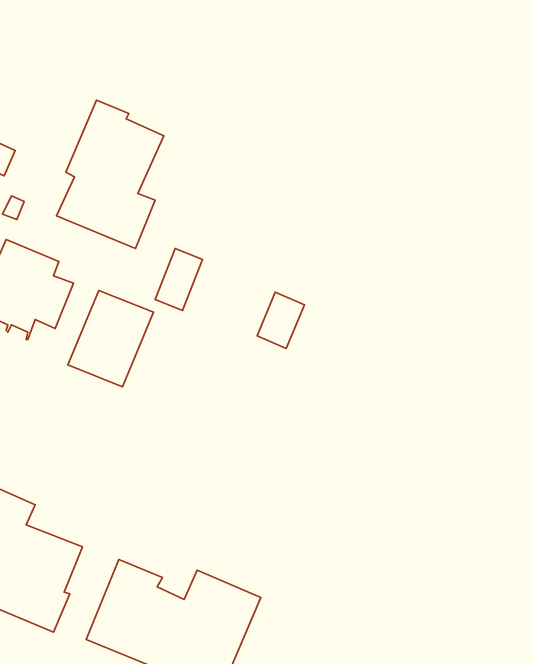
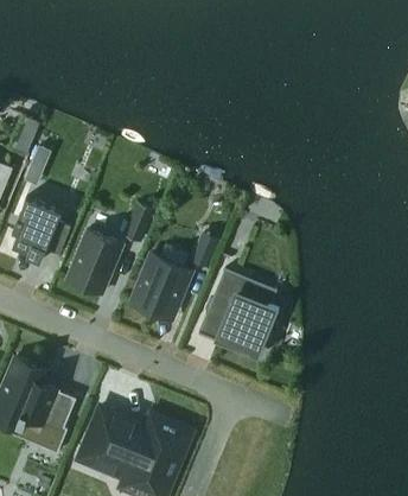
building: [57,100,164,248] -> none
building: none -> [130,255,190,316]
building: none -> [205,267,276,355]

